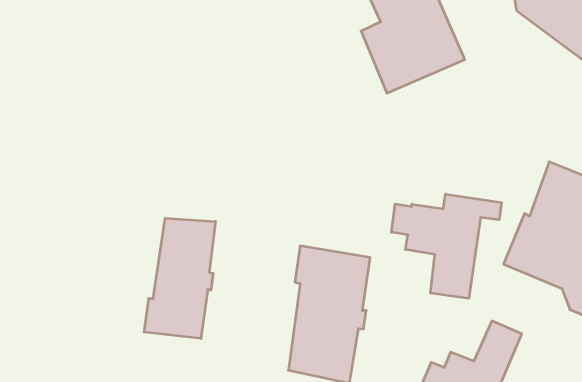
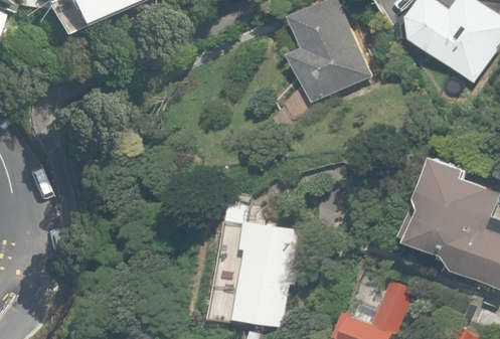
building: [391,194,502,298] -> none
building: [144,218,215,339] -> none

